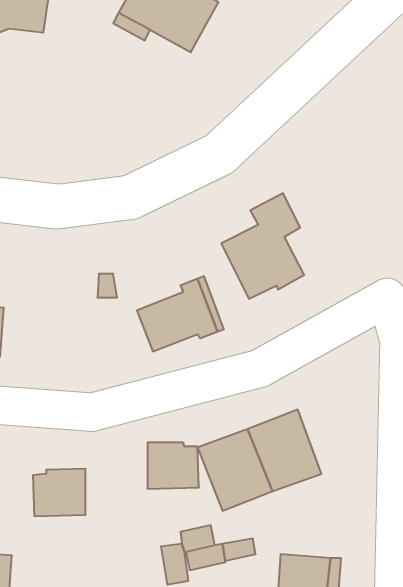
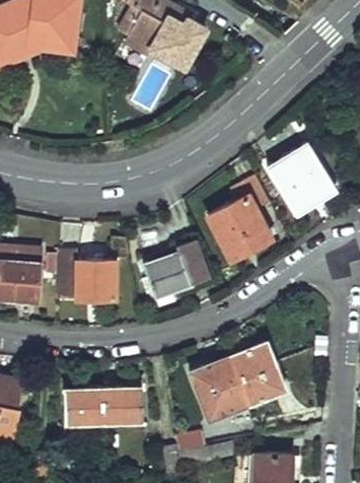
building: none -> [268,144,332,211]
building: none -> [56,250,115,297]
building: [147,443,199,489] -> [102,388,142,423]

